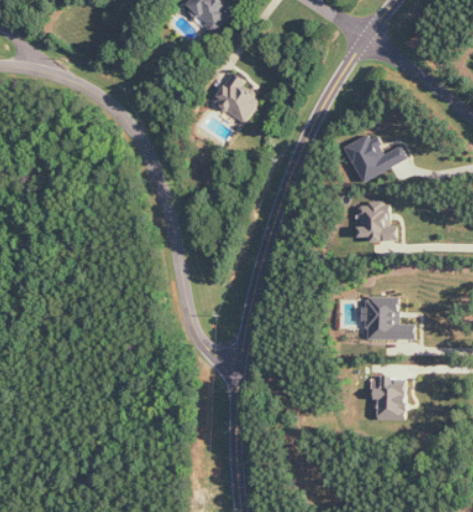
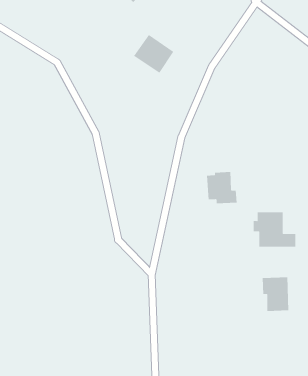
building: [343,133,405,182] -> none
building: [356,202,395,242] -> [206,172,237,204]

